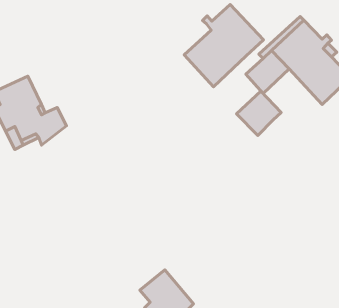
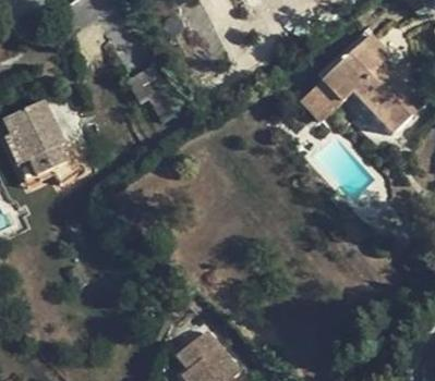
building: [184,4,263,87] -> none
building: [236,91,281,135] -> none

